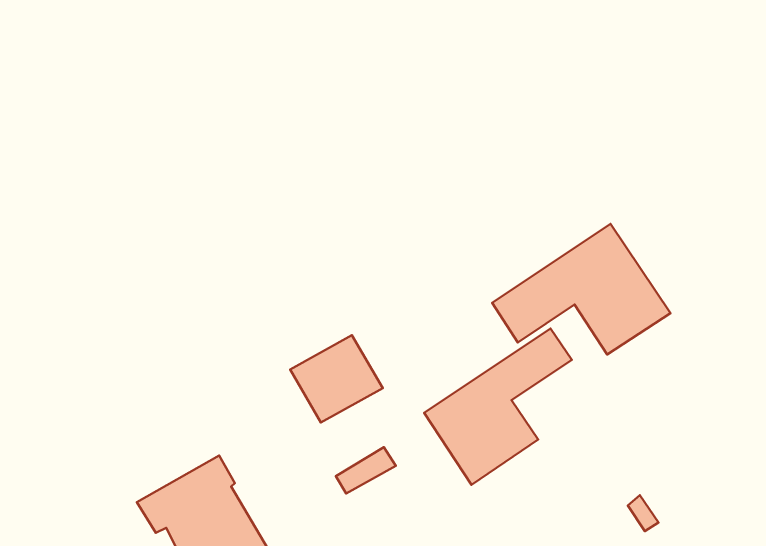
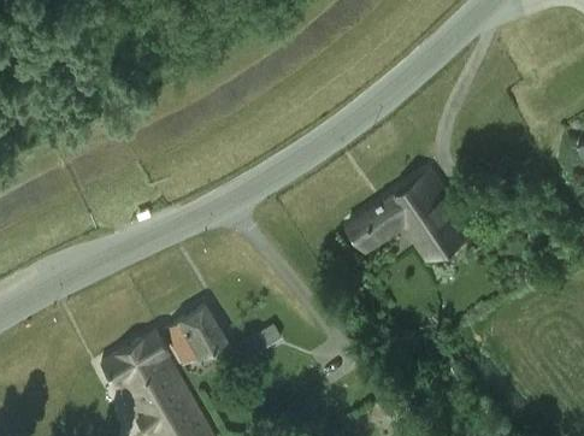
building: [424,329,572,485] -> none
building: [290,335,383,423] -> [163,306,228,367]

